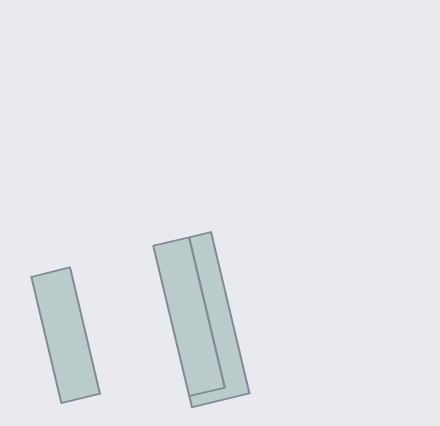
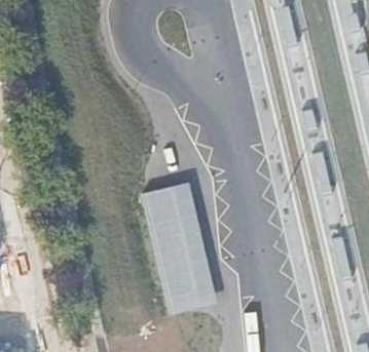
building: [31,267,100,403] -> none

